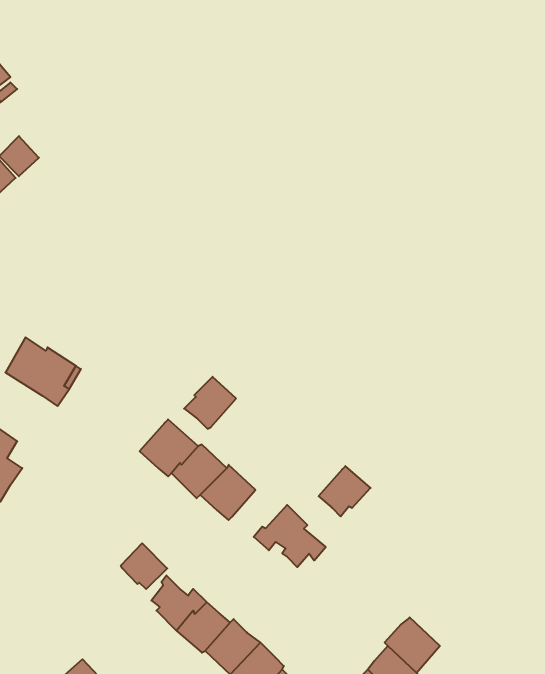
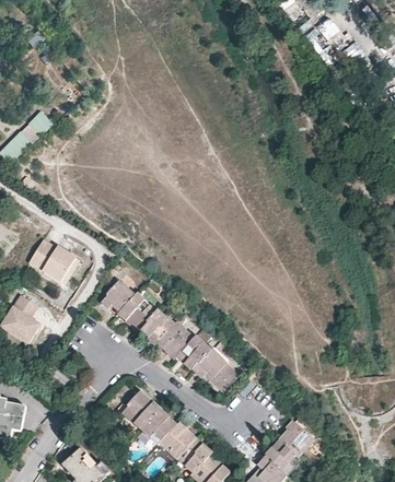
building: [184,377,236,429] -> [101,280,135,314]
building: [319,466,371,516] -> [178,336,212,368]
building: [121,543,167,589] -> none

